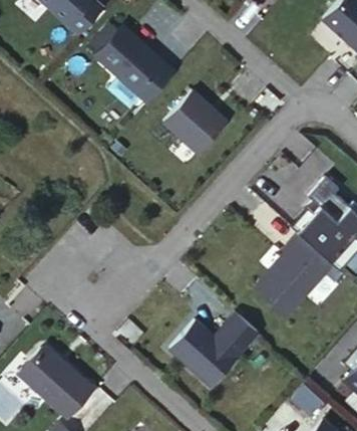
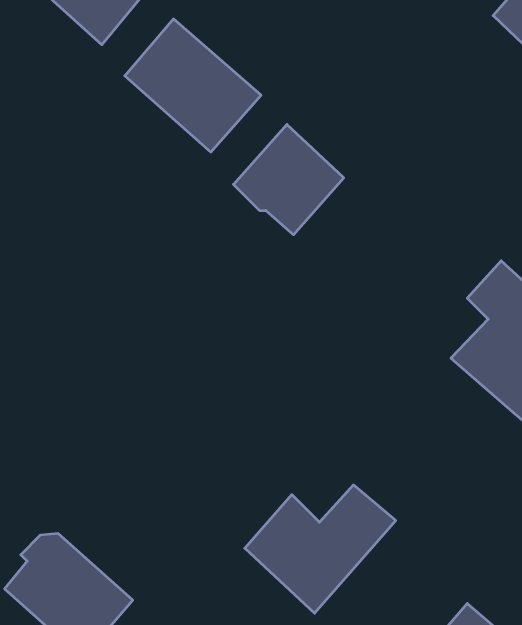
building: [254,233,333,319] -> none

